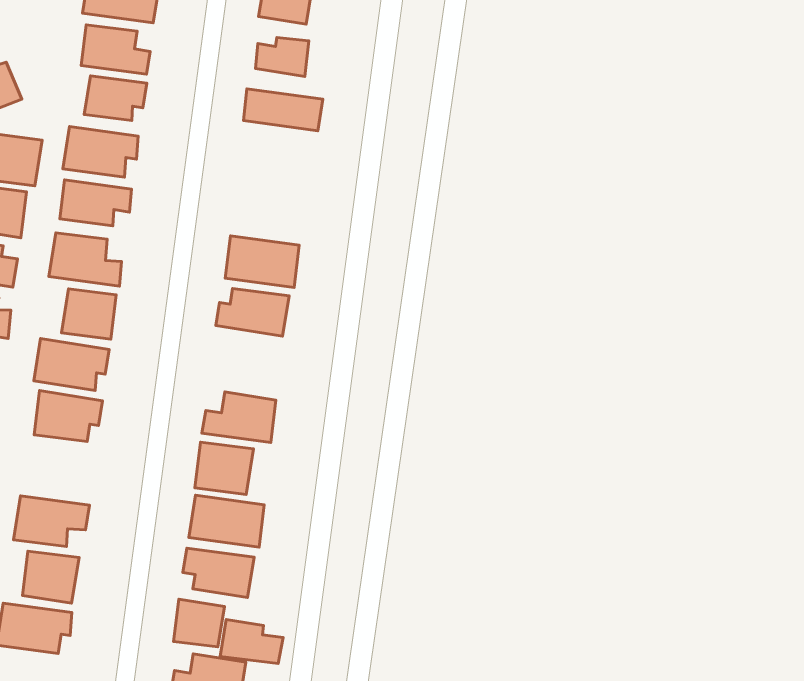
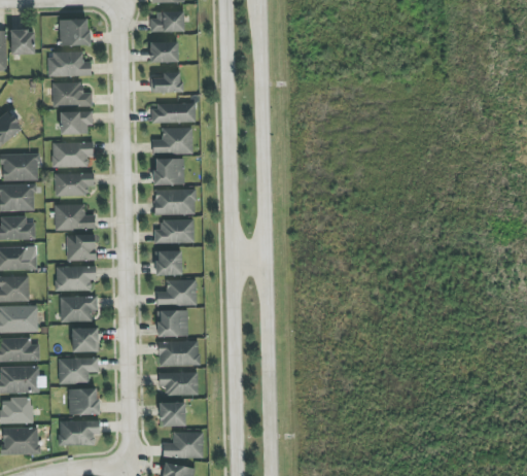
building: none -> [152,127,192,154]
building: none -> [152,158,184,184]
building: none -> [154,250,182,275]
building: none -> [72,328,99,351]
building: [220,619,283,663] -> none

